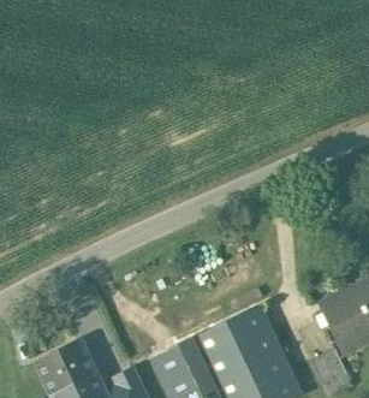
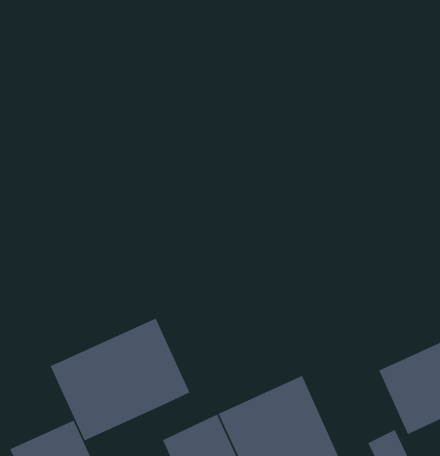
building: none -> [49,317,191,441]

